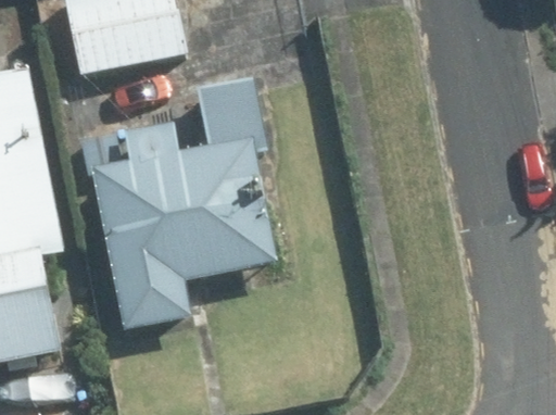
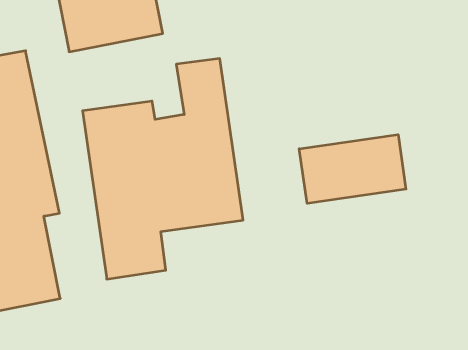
building: none -> [299,135,406,203]

